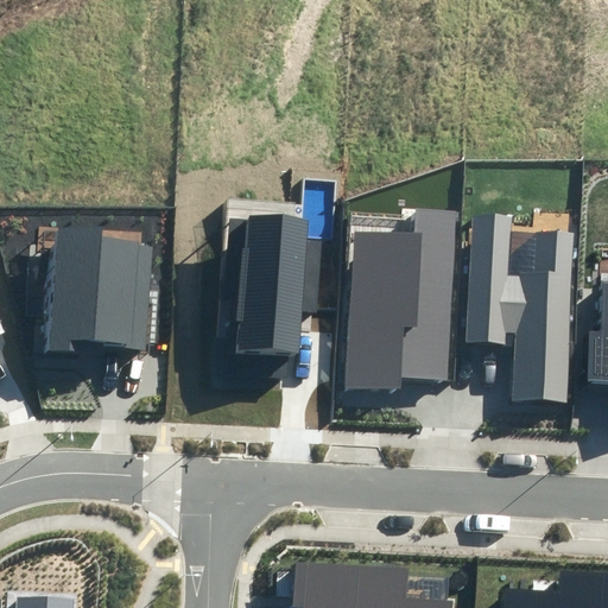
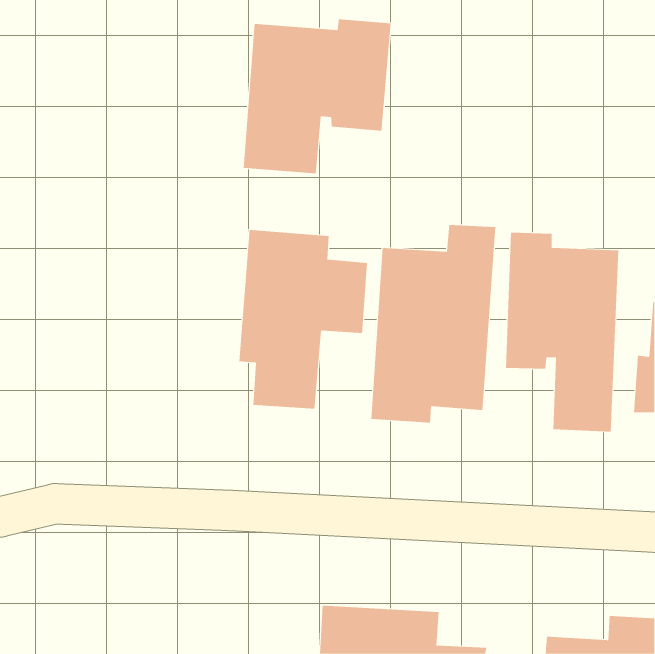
building: none -> [243,18,391,174]
building: [42,238,150,357] -> none

